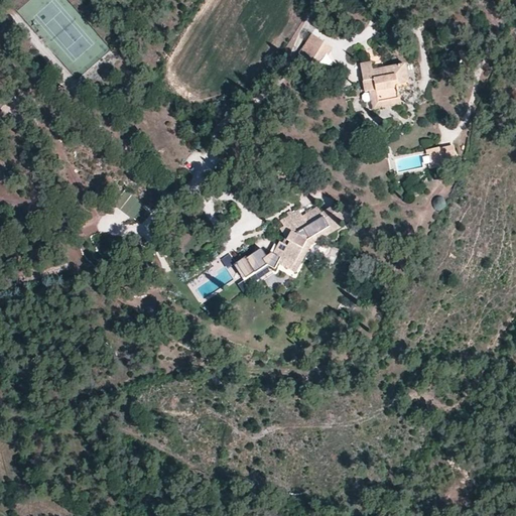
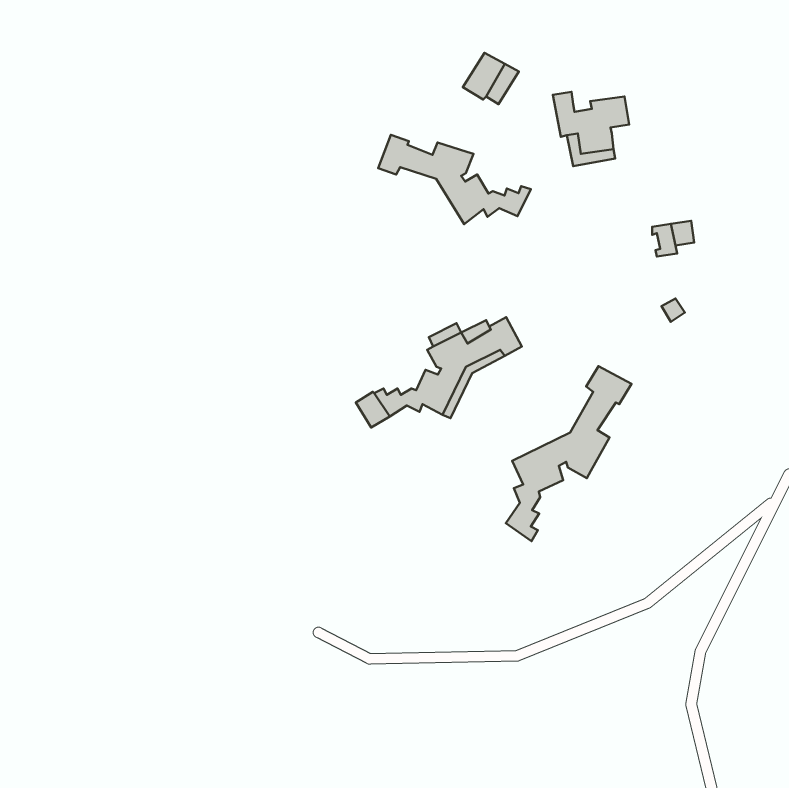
building: none -> [378,135,531,224]
building: none -> [506,366,632,541]

